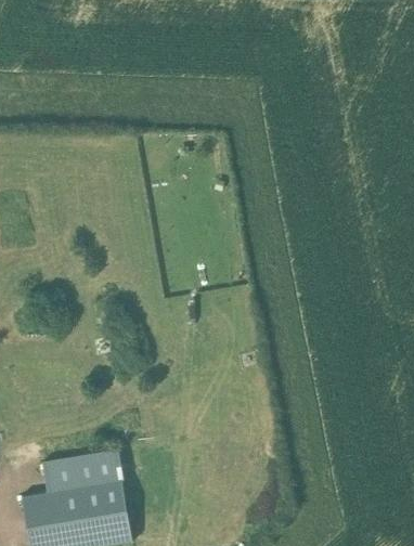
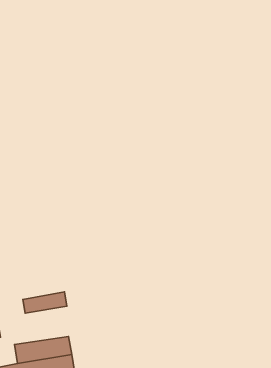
building: none -> [23,292,67,313]

